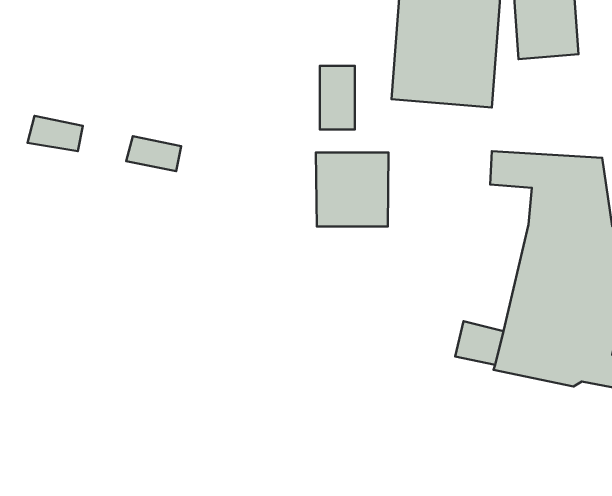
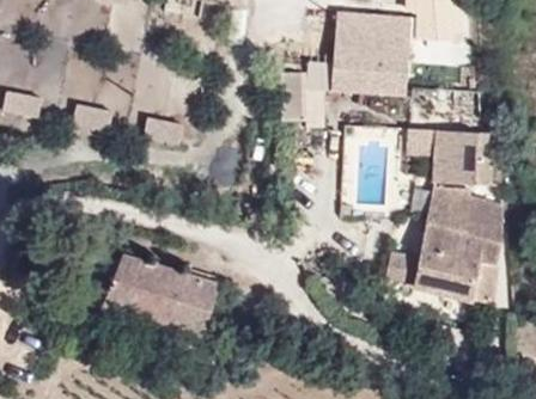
building: [316,152,389,227] -> none
building: none -> [104,253,218,337]

